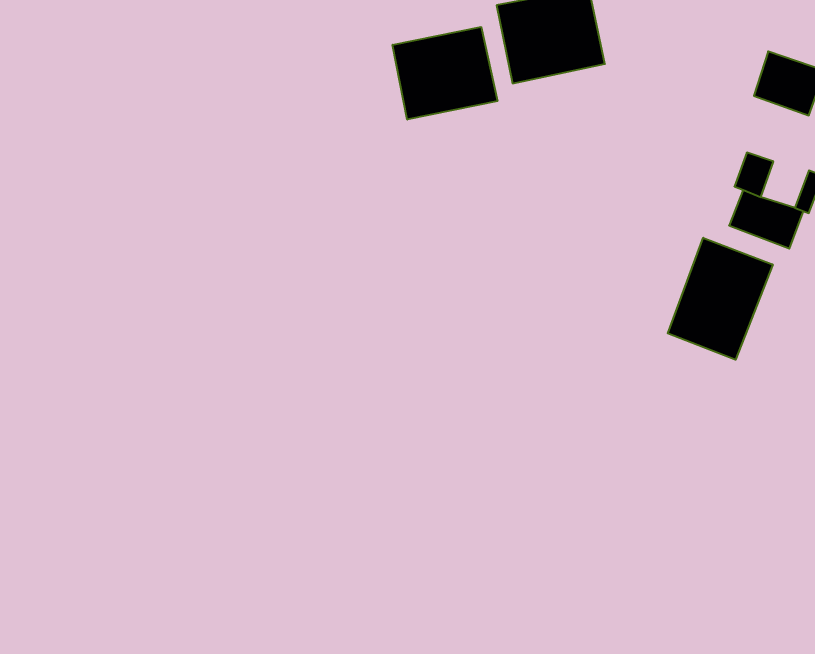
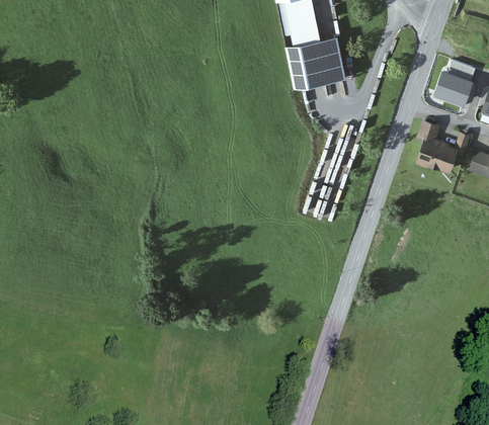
building: [393,27,497,120] -> none
building: [668,238,773,360] -> none

